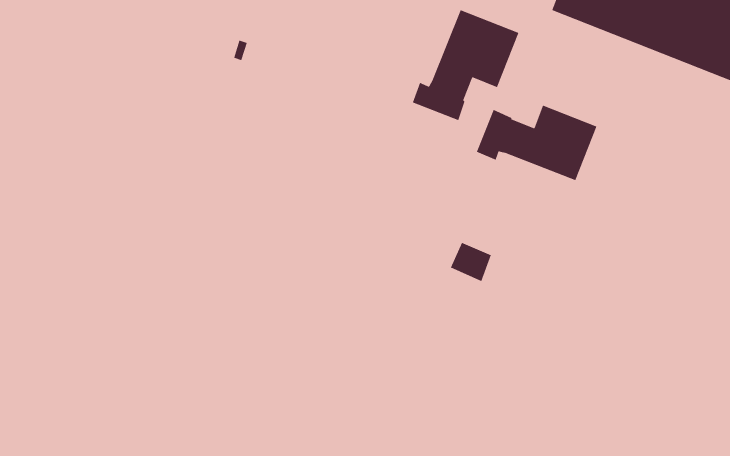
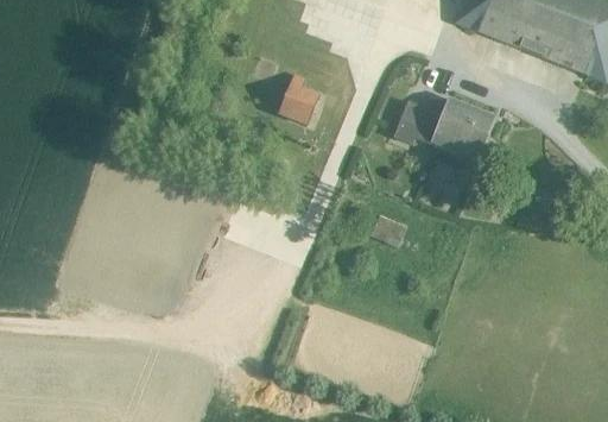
building: [412,9,519,121] -> none
building: none -> [277,73,318,122]

